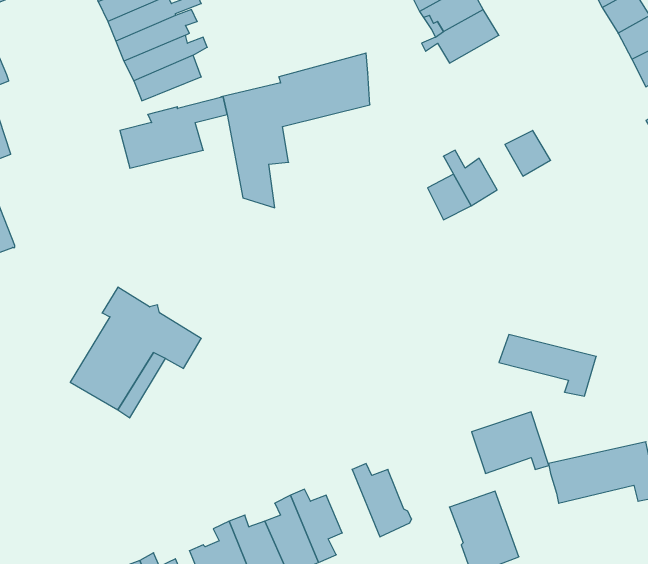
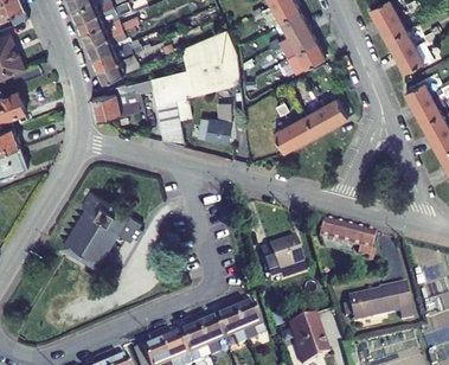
building: none -> [180,30,237,68]
building: none -> [278,43,325,76]
building: none -> [299,97,331,135]
building: none -> [197,104,230,143]
building: [472,412,549,473] -> [258,238,304,275]
building: none -> [213,302,245,347]

